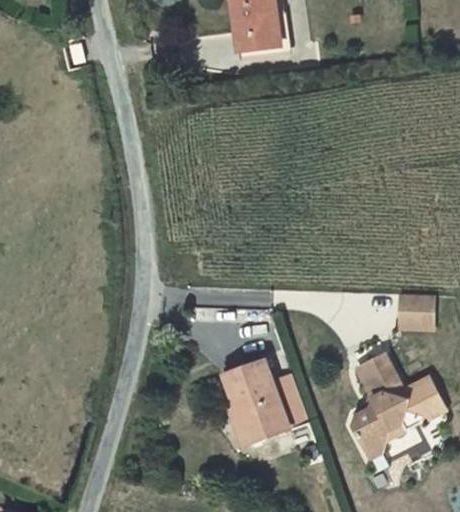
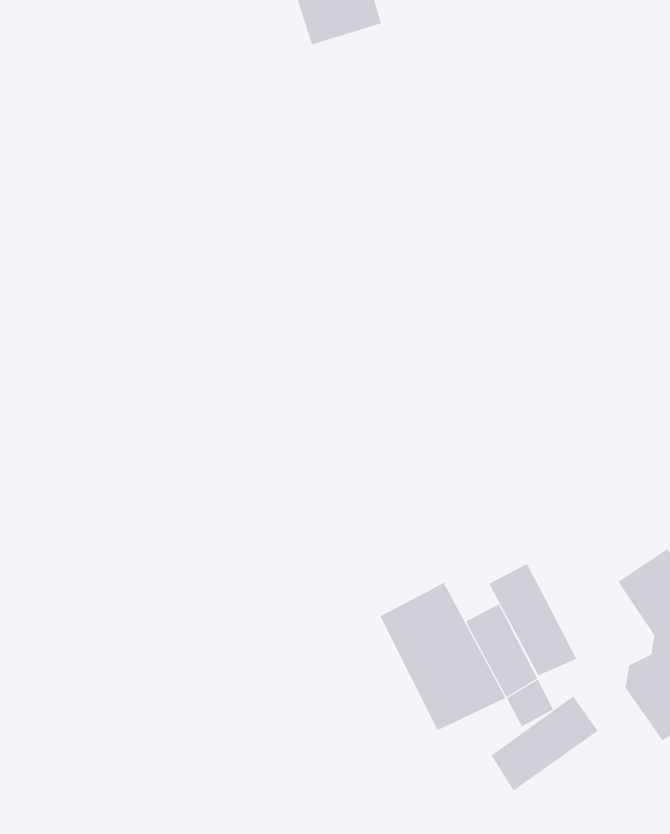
building: none -> [489,563,577,676]
building: none -> [491,696,599,791]

